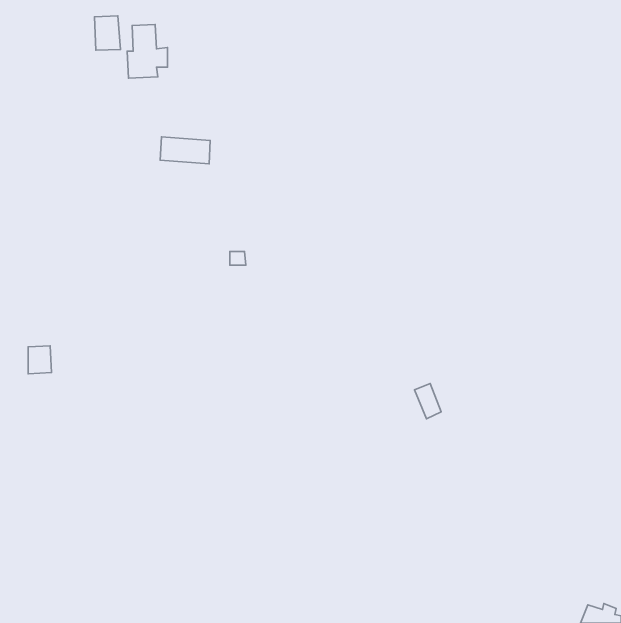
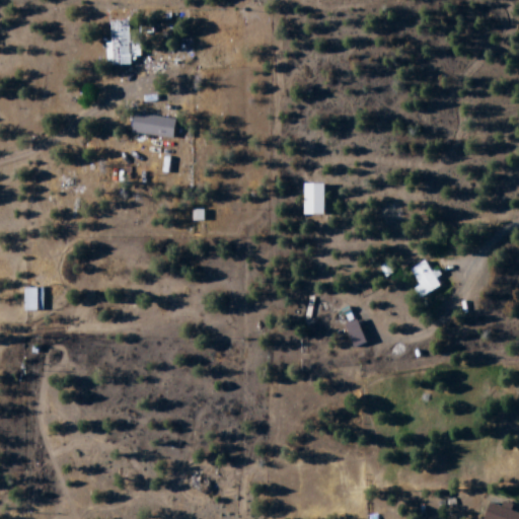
building: [94,16,121,50] -> none
building: none -> [304,182,325,214]
building: none -> [407,258,441,298]

